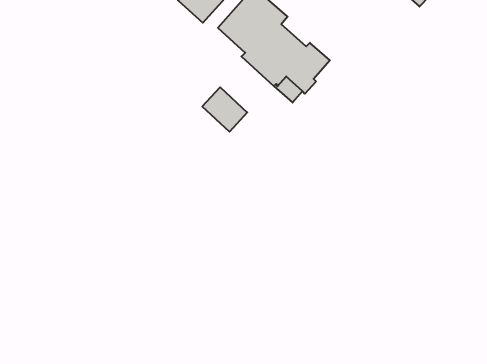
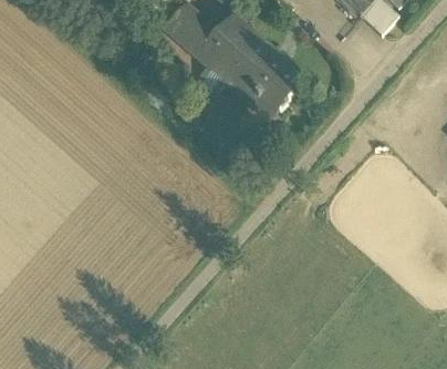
building: [202,87,247,132] -> none

